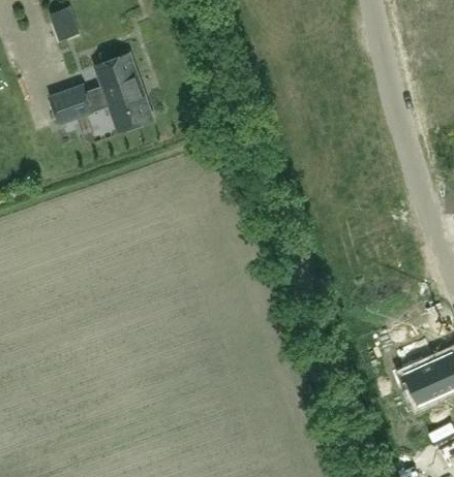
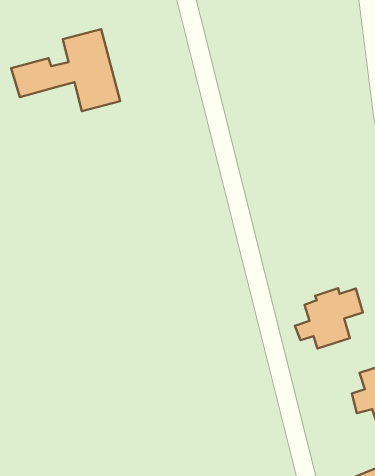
building: none -> [295,288,363,349]

